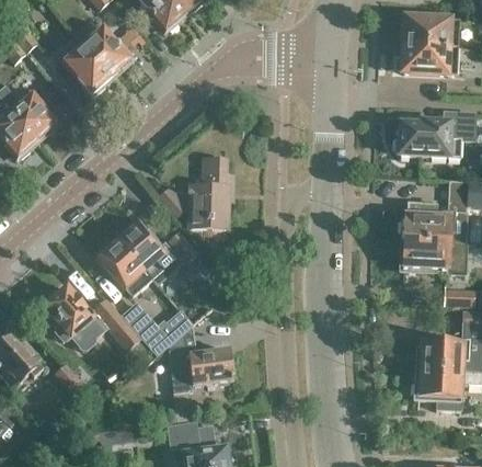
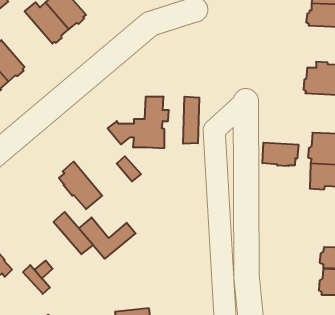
building: none -> [183,97,199,144]
building: none -> [263,143,298,166]
building: [116,223,180,282] -> none
building: [44,286,99,348] -> none
building: [168,324,233,392] -> none

